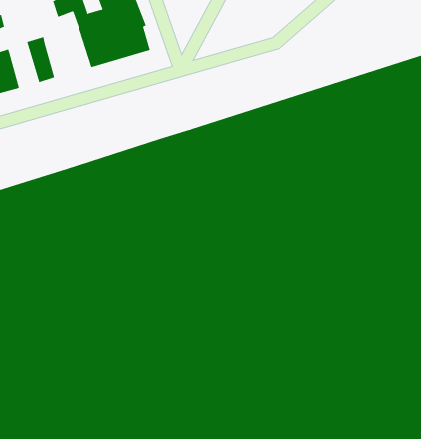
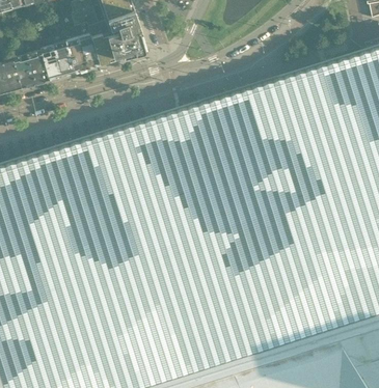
building: none -> [64,34,100,73]
building: none -> [38,46,60,81]

